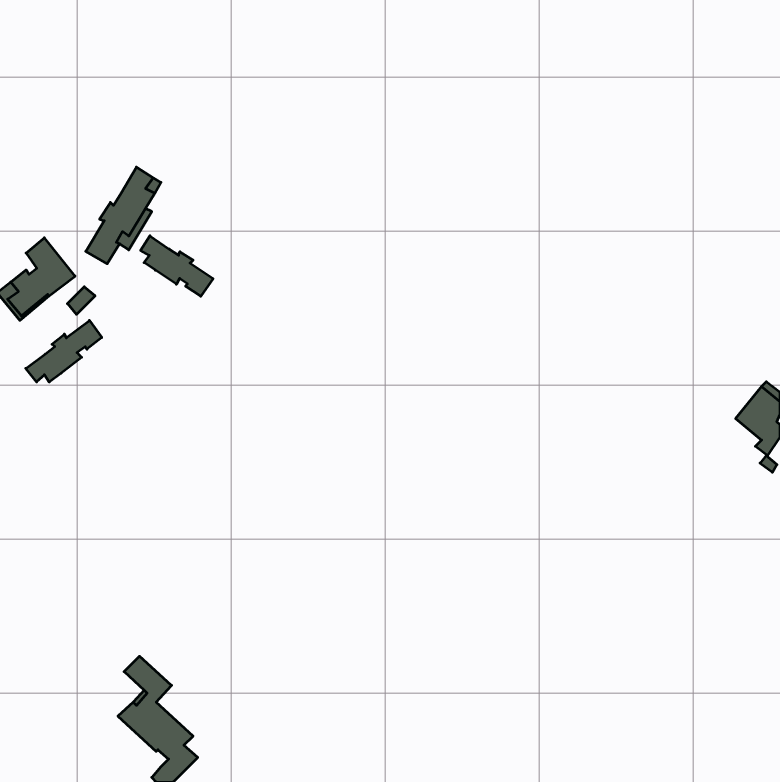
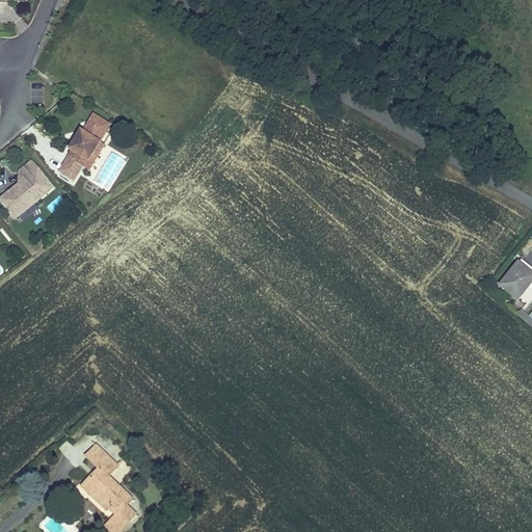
building: [141,236,213,296] -> none
building: [26,320,102,382] -> none

